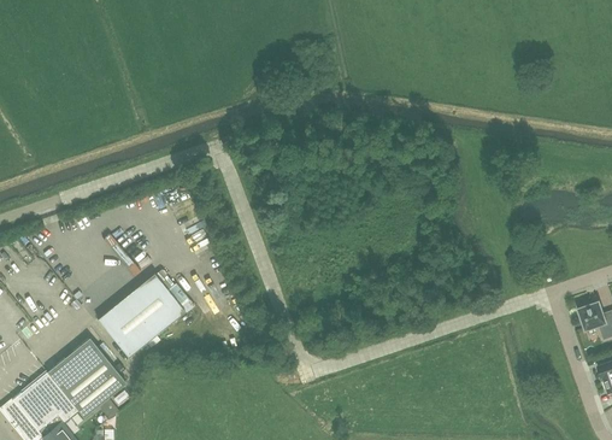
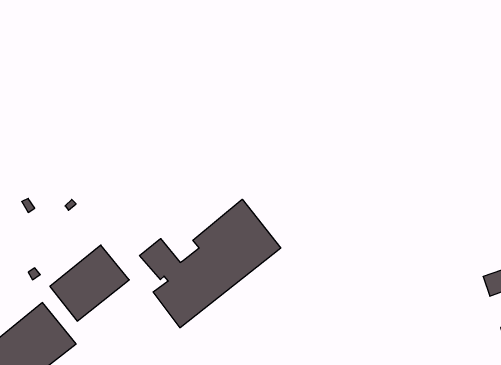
building: none -> [140,199,281,328]

